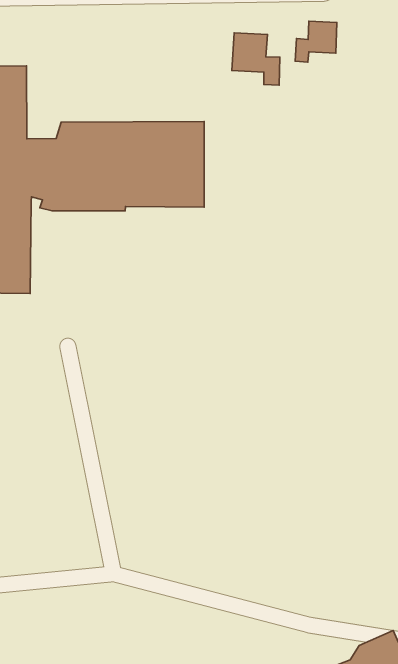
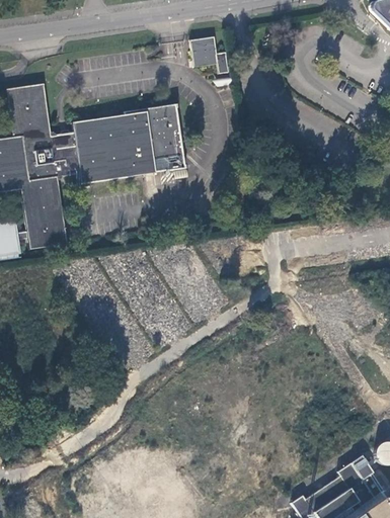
building: [295,21,337,62] -> none

